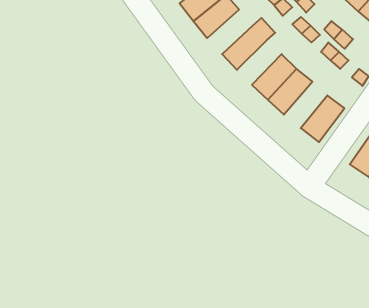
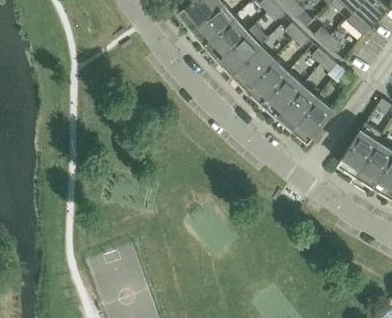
building: none -> [205,17,248,59]
building: none -> [233,46,275,88]
building: none -> [277,85,318,129]

